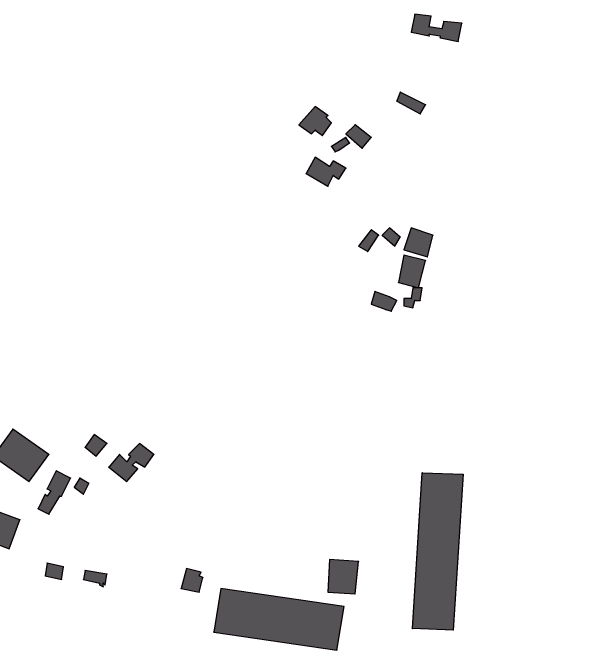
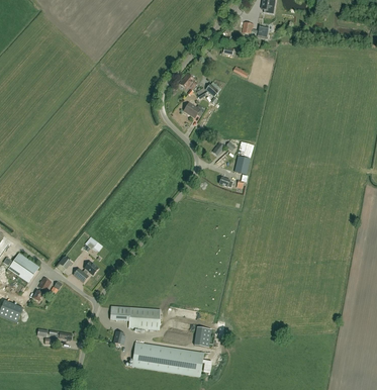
building: [412,473,463,630] -> none
building: none -> [110,306,161,330]

